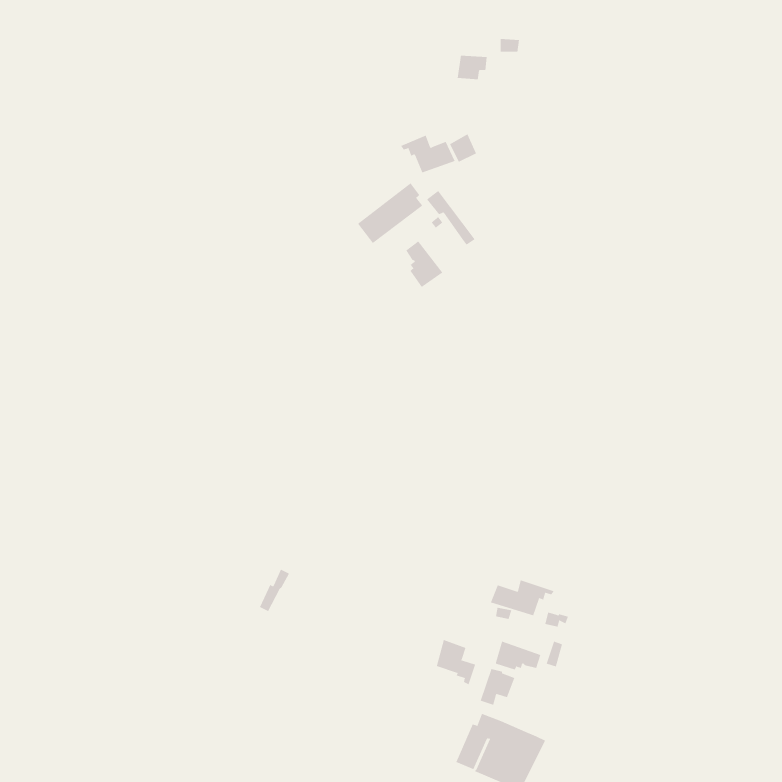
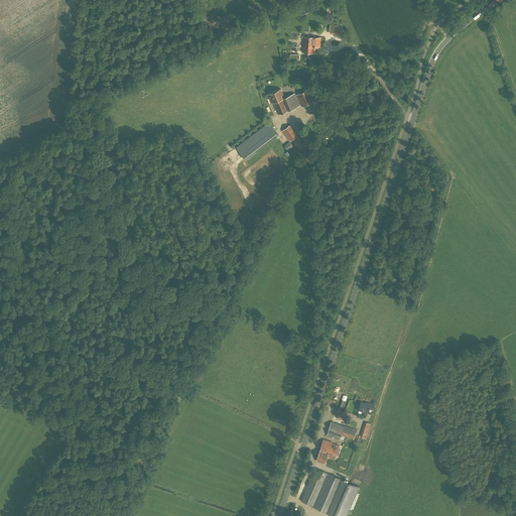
building: [406,240,443,287] -> none
building: [490,580,554,616] -> none
building: [436,639,476,685] -> none

